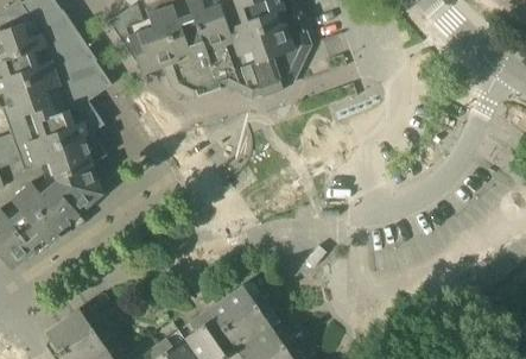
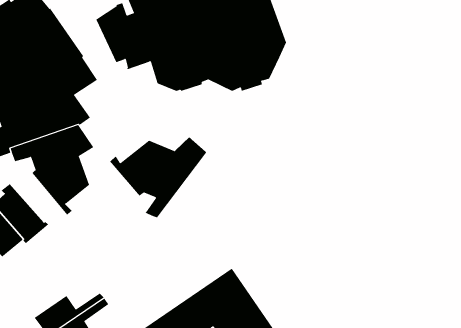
building: none -> [109,137,207,218]
building: [20,182,80,233] -> none

